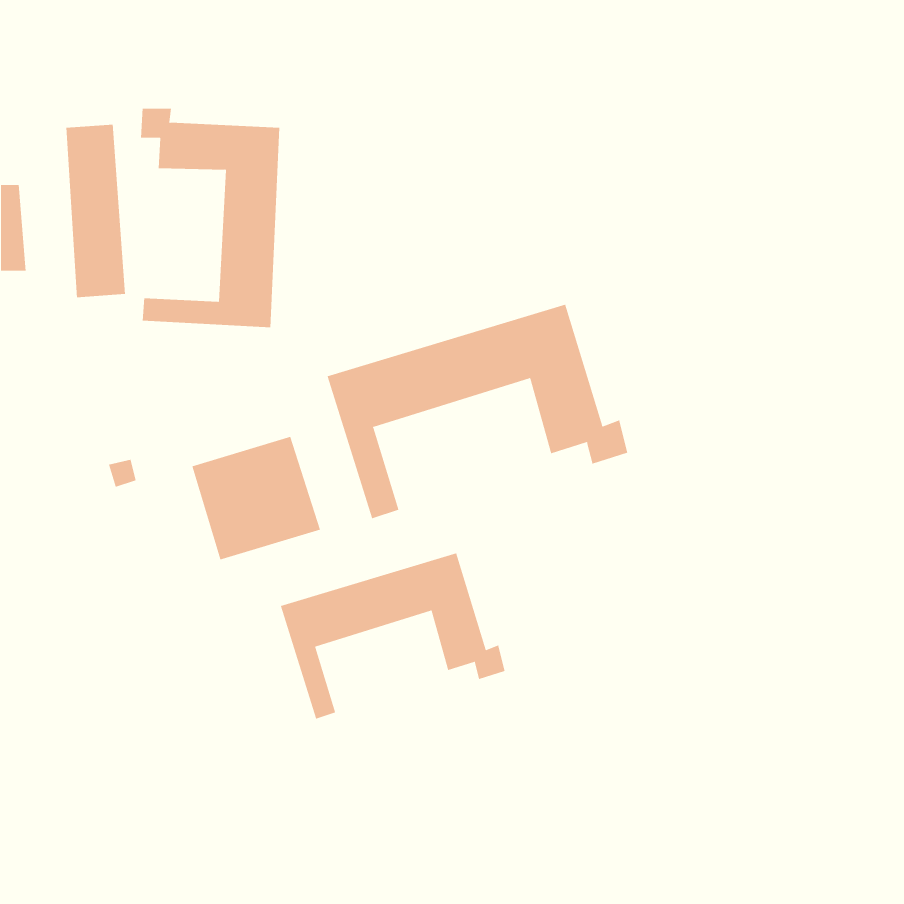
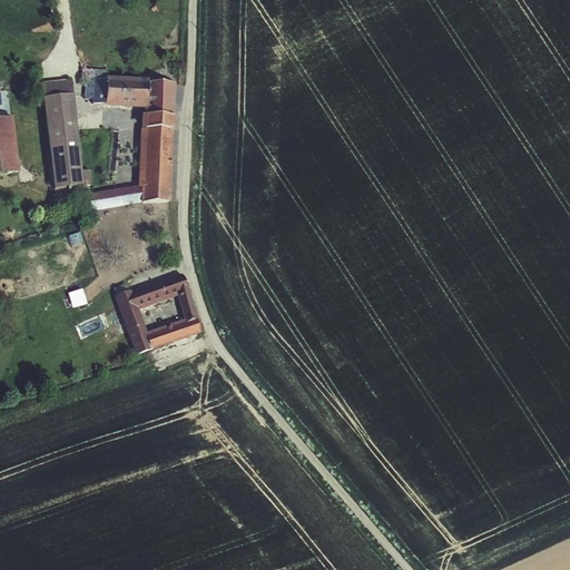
building: [327,304,628,519] -> none
building: [280,552,505,720] -> none

